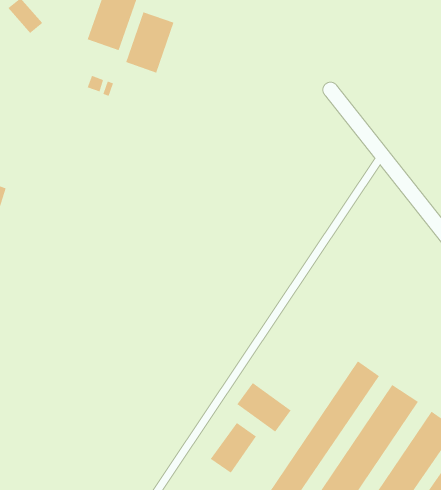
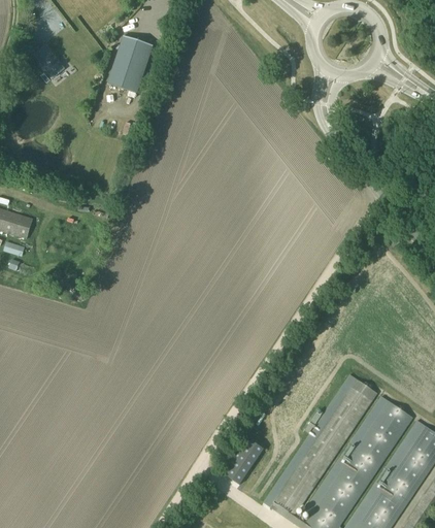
building: [125,11,174,73] -> none
building: [236,382,291,433] -> none

